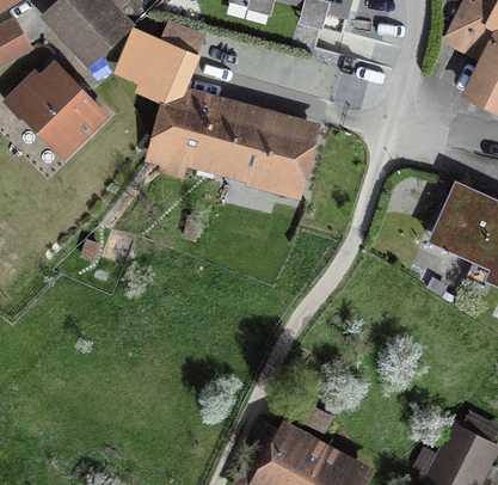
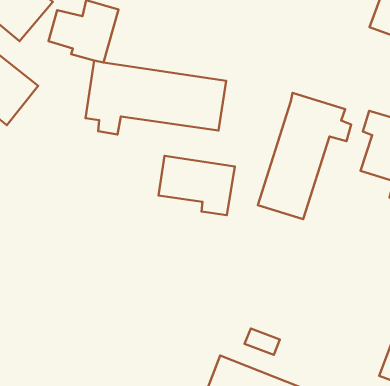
building: none -> [258,93,351,219]
building: none -> [158,156,235,215]

